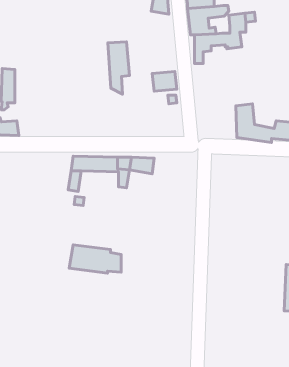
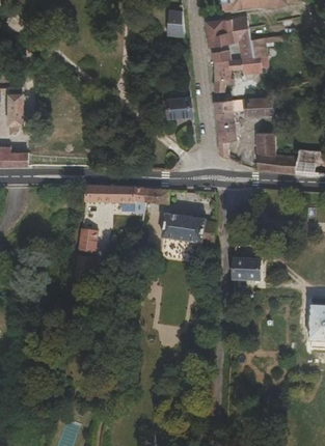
building: [108,42,130,94] -> [213,102,236,157]
building: none -> [240,99,272,115]
building: none -> [232,257,261,278]
building: [69,245,121,273] -> [161,213,216,243]

